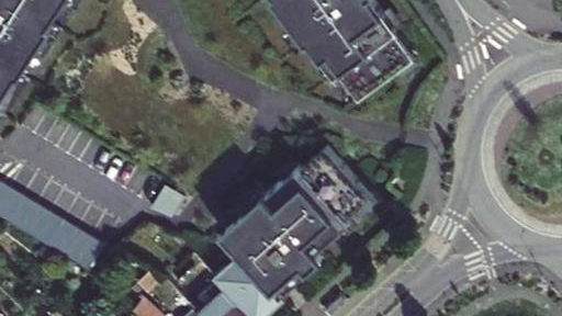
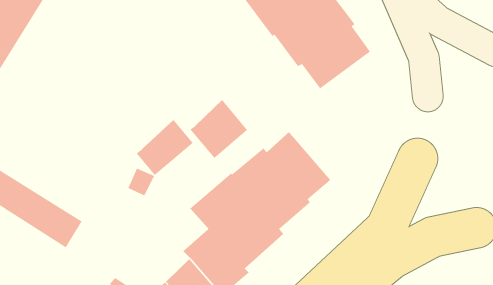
building: none -> [190,99,248,159]
building: none -> [136,119,193,176]

